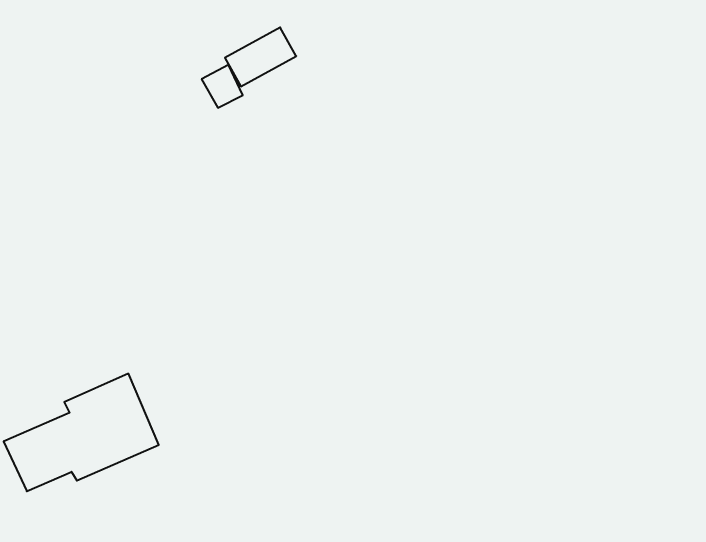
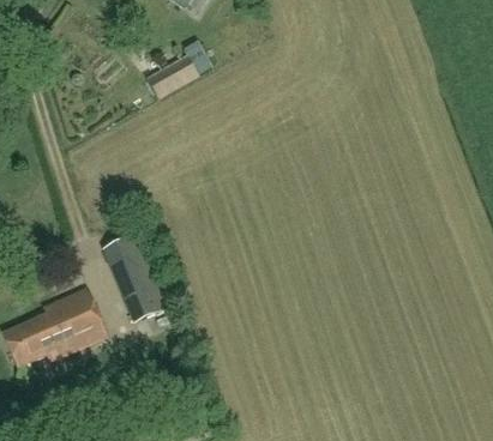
building: none -> [107,235,167,315]

